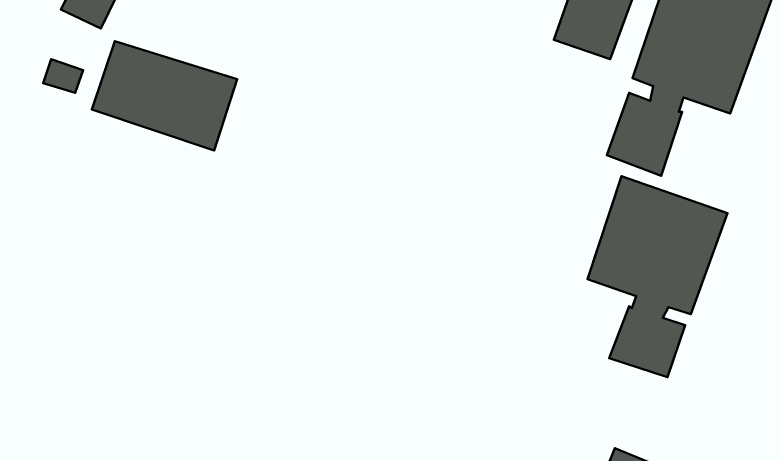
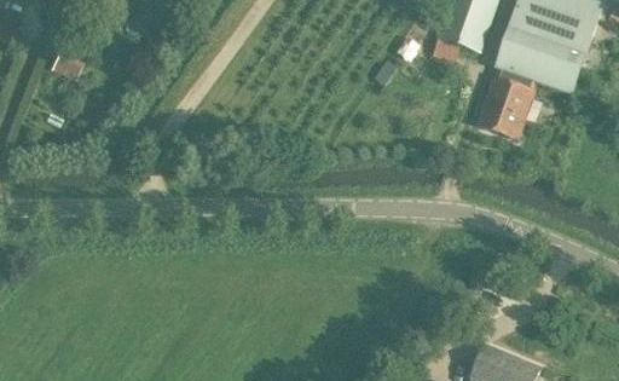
building: [92,41,237,150] -> none
building: [587,176,728,377] -> none

